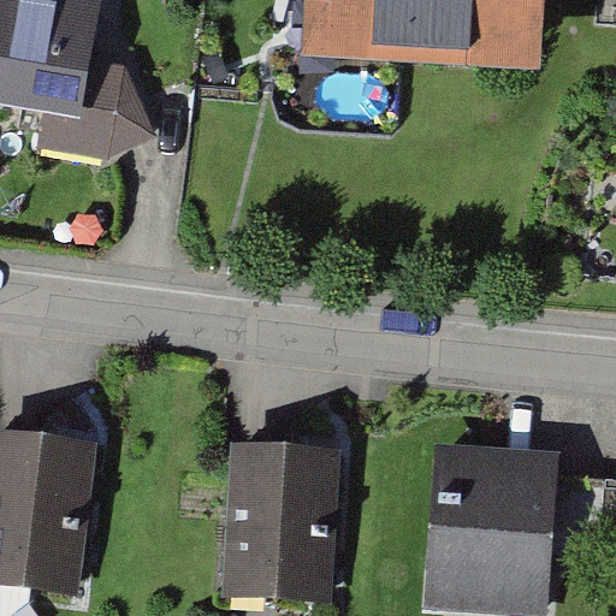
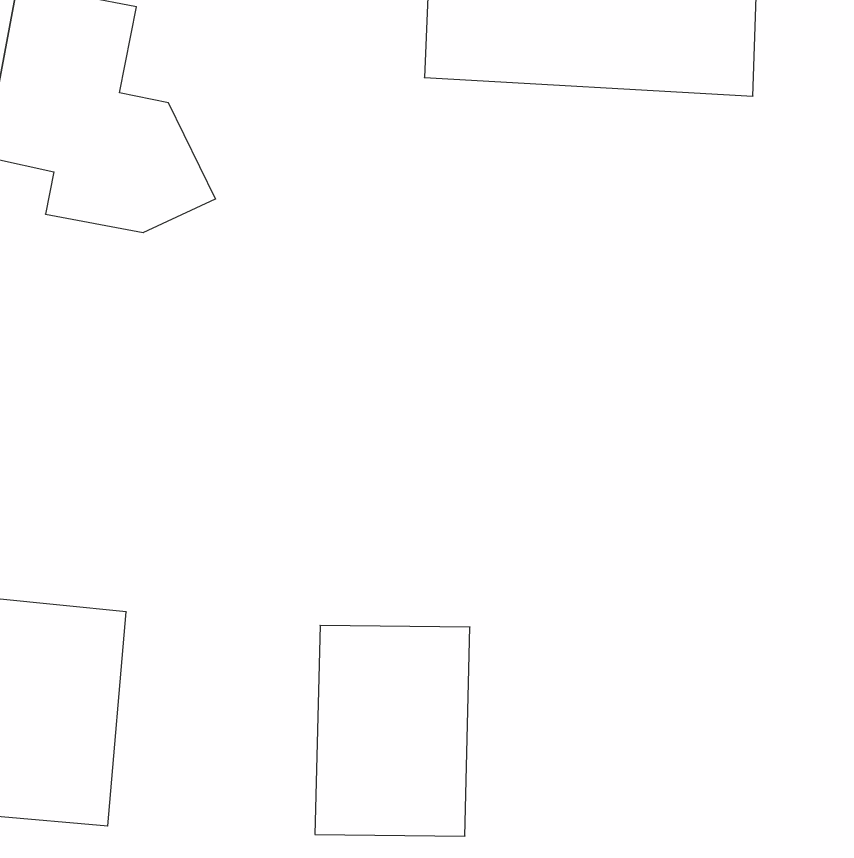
building: [430,443,558,606] -> none

